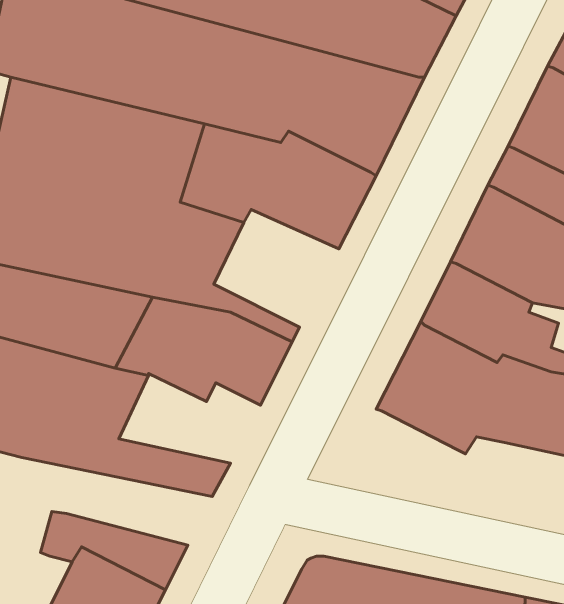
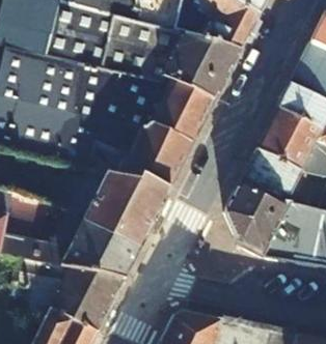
building: none -> [125,120,194,185]
building: none -> [72,211,151,261]
building: none -> [11,258,124,307]

